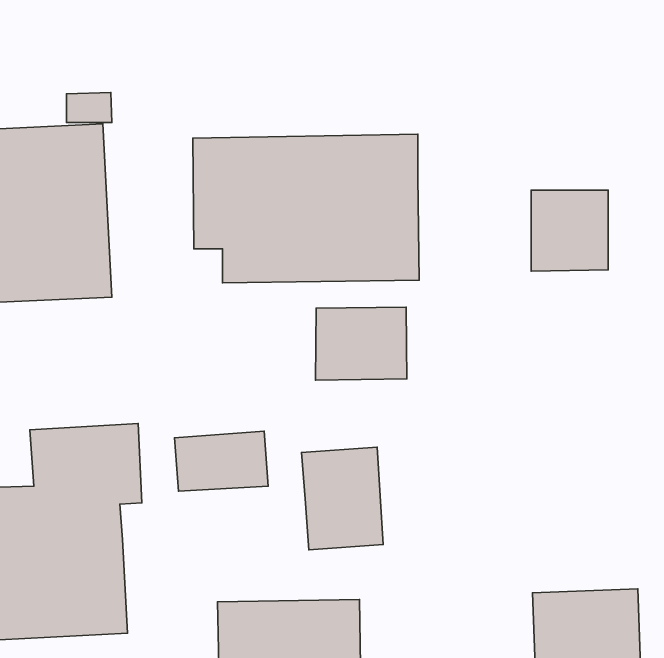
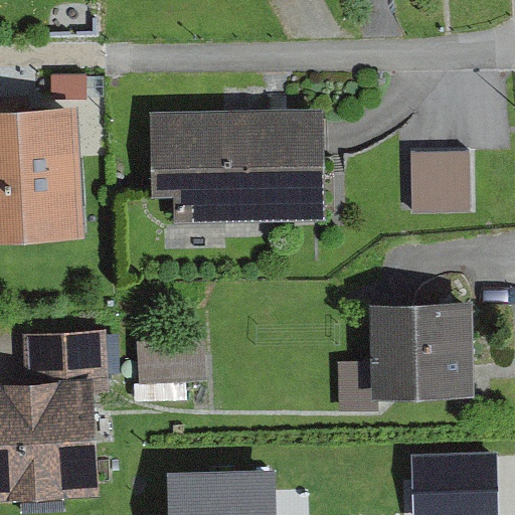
building: [316,307,407,380] -> none
building: none -> [337,301,474,414]
building: [302,447,383,550] -> none

